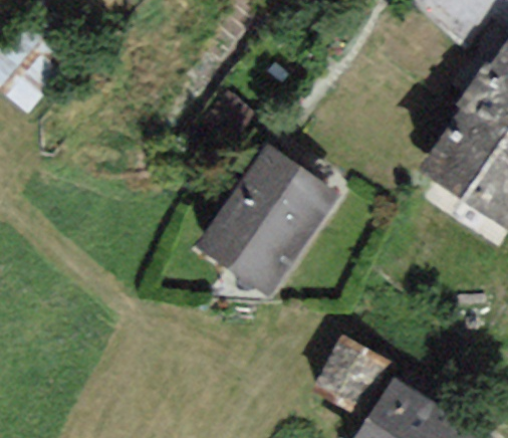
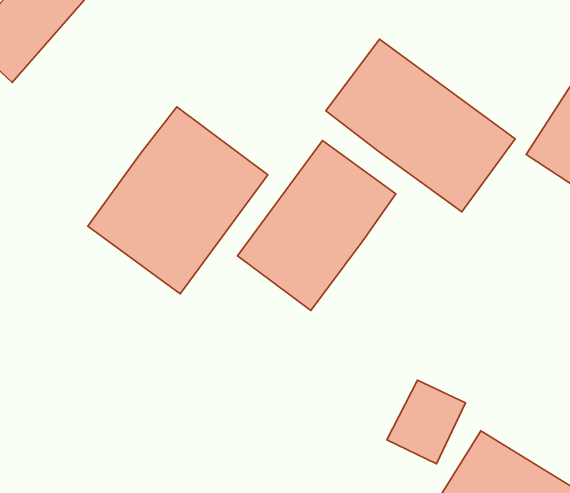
building: none -> [326,39,515,212]
building: none -> [88,107,268,294]

